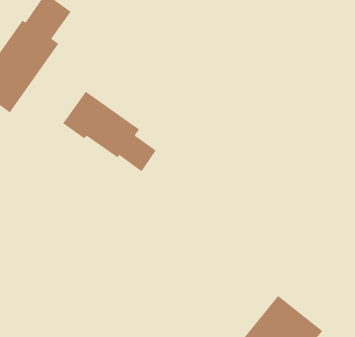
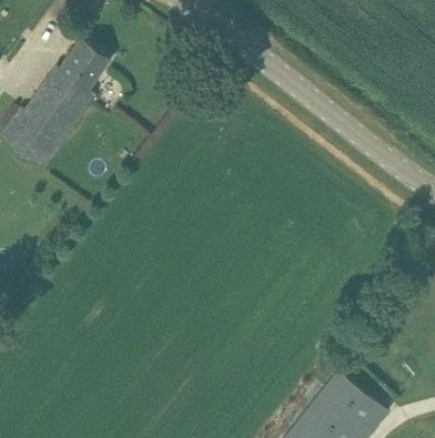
building: [62,91,157,172] -> none

